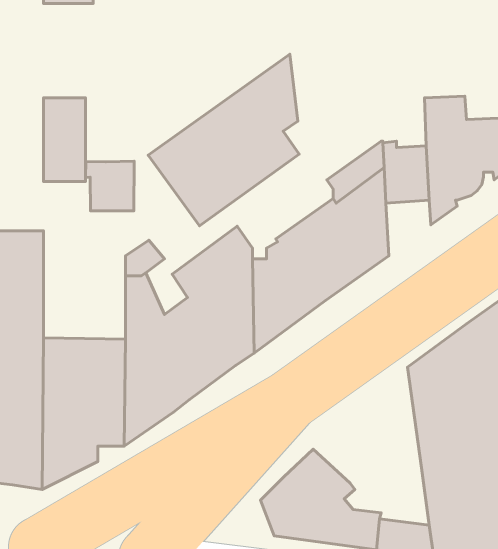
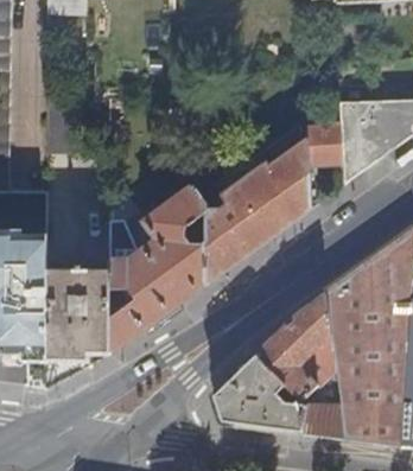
building: [148,54,299,226] -> none
building: [85,161,134,211] -> none
building: none -> [254,293,337,402]

